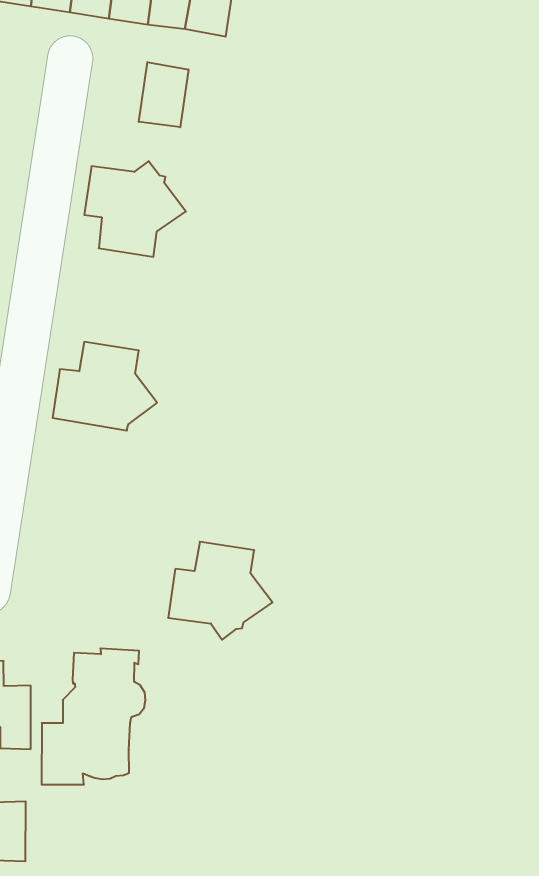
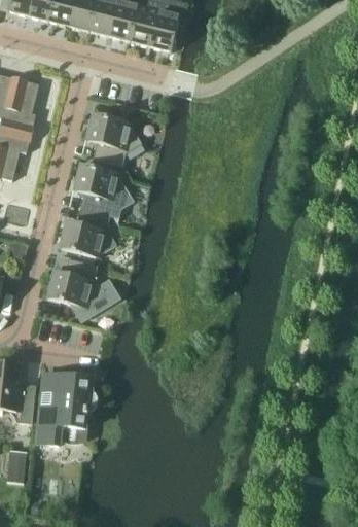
building: [139,62,188,127] -> none
building: none -> [73,164,128,215]
building: [168,542,273,640] -> [46,258,103,312]

